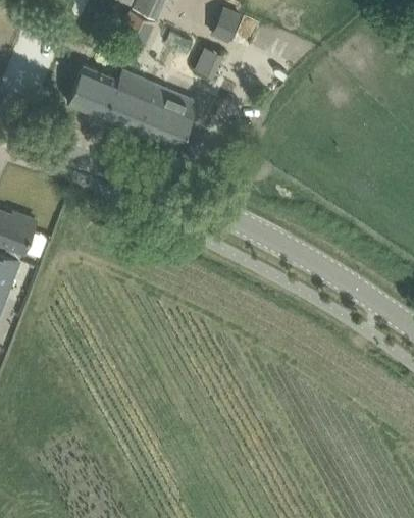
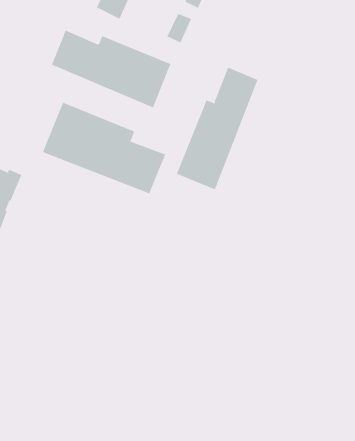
building: none -> [176,67,258,190]
building: none -> [42,102,166,194]

